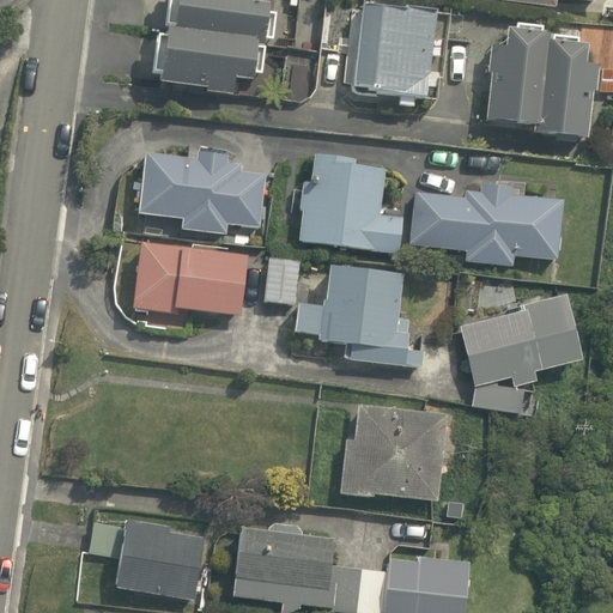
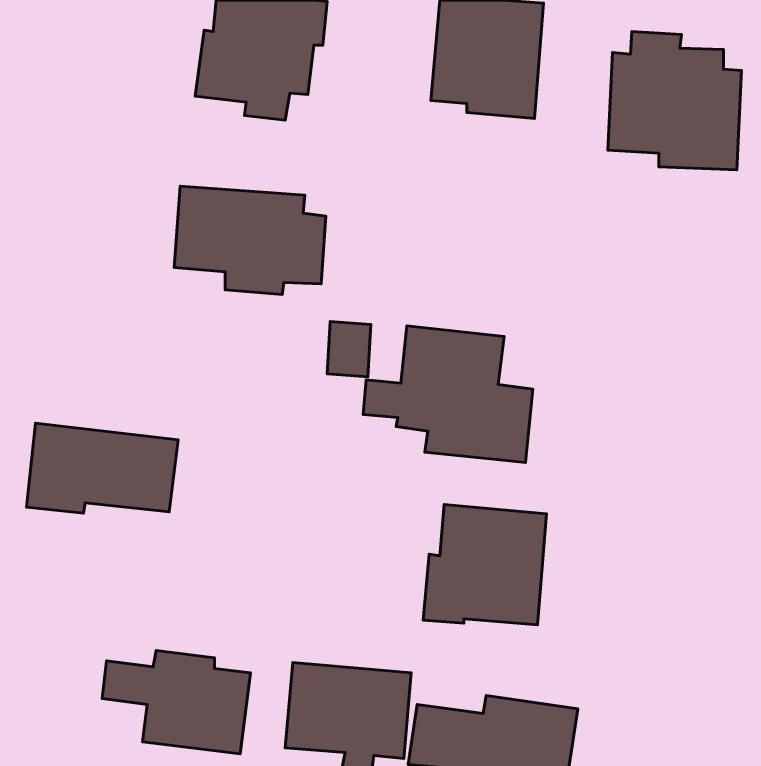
building: [295,154,405,251] -> none
building: [412,177,562,271] -> none
building: [131,242,251,314] -> [27,423,178,513]
building: [460,295,578,392] -> none

